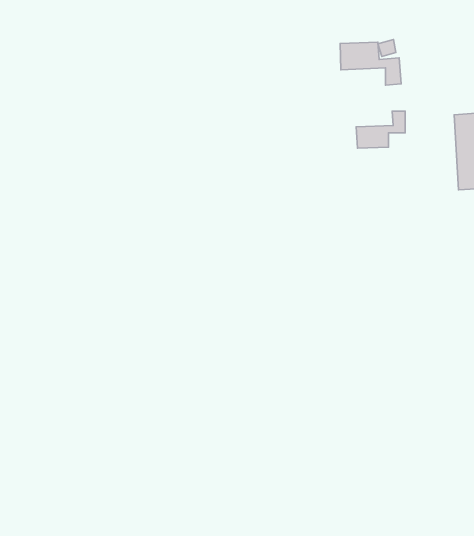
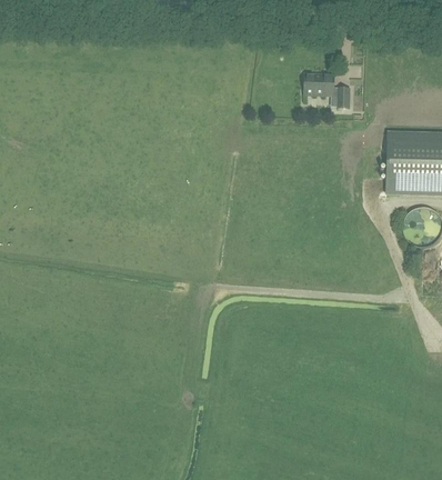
building: [356,111,405,148] -> none

